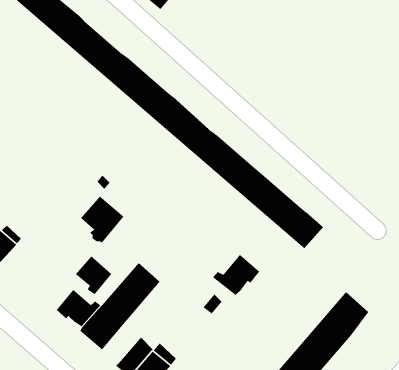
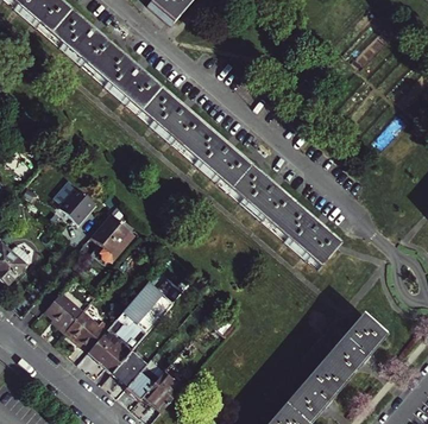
building: none -> [62,185,99,222]
building: [212,254,260,296] -> none
building: [75,256,112,295] -> [46,289,84,329]
building: none -> [114,349,147,384]

